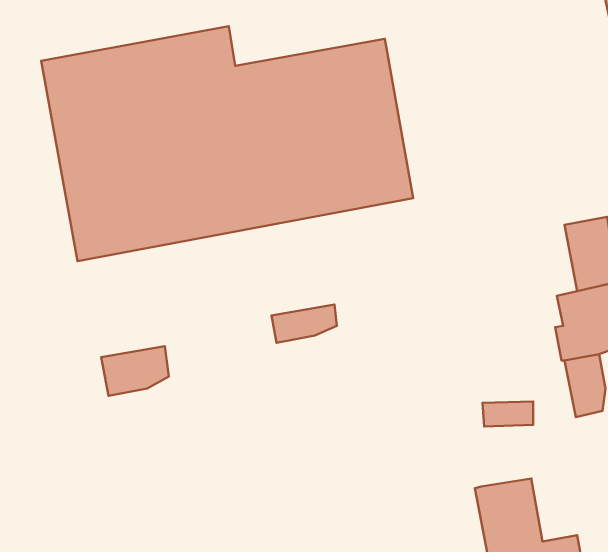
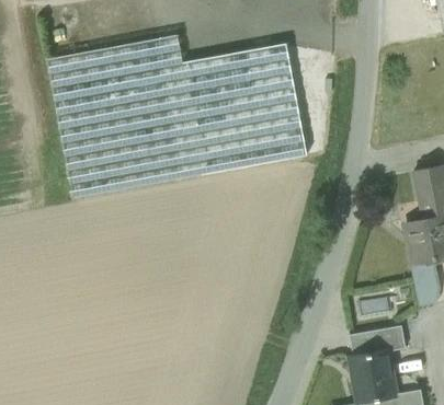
building: [272,304,337,343] -> none
building: [101,346,169,396] -> none
building: none -> [350,324,406,354]

